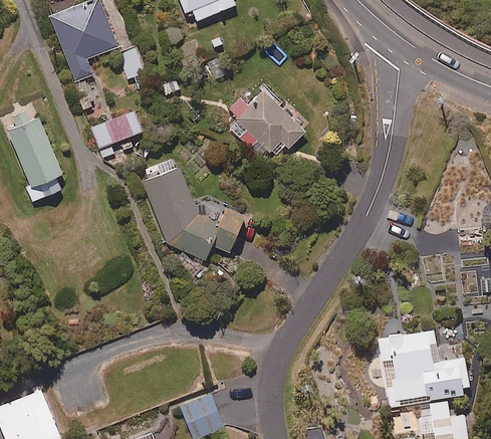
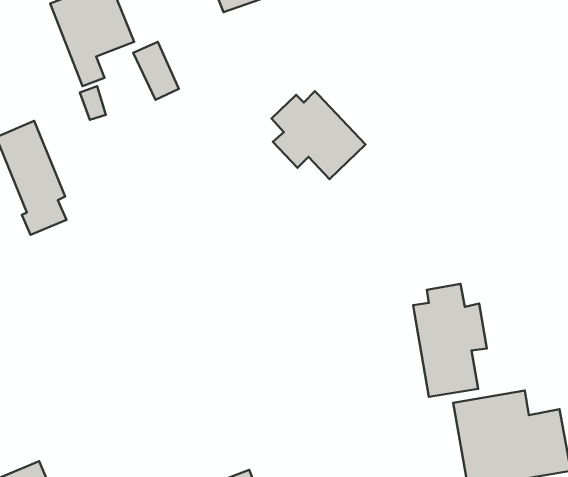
building: [91,109,143,147] -> none
building: [141,163,244,259] -> none
building: none -> [413,284,487,397]

